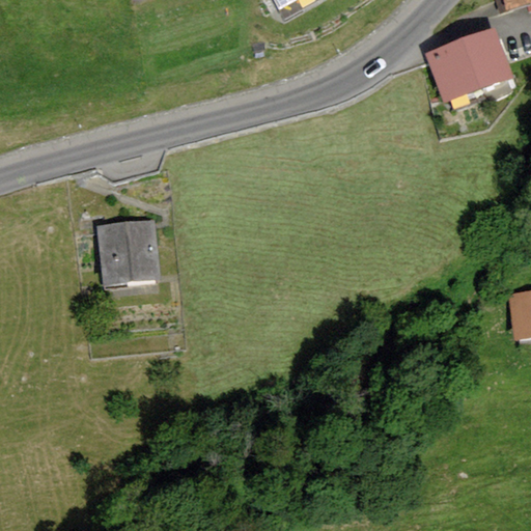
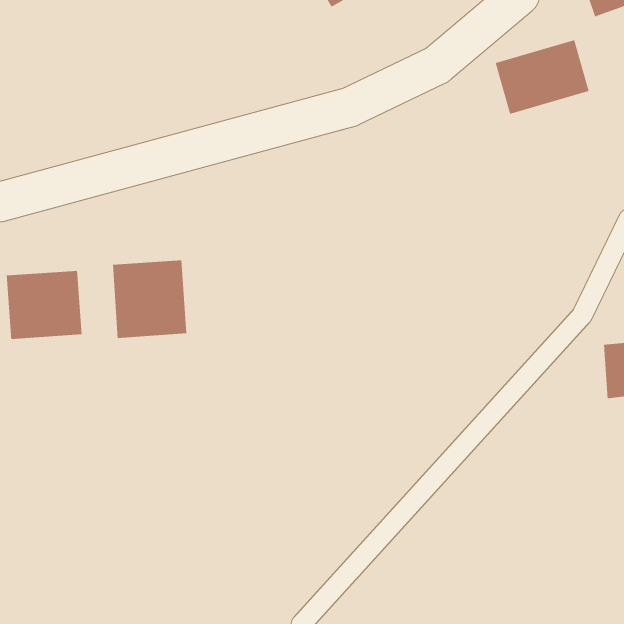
building: none -> [6,270,82,340]

